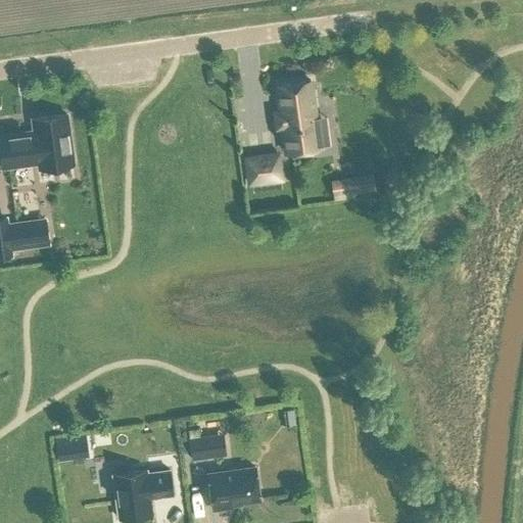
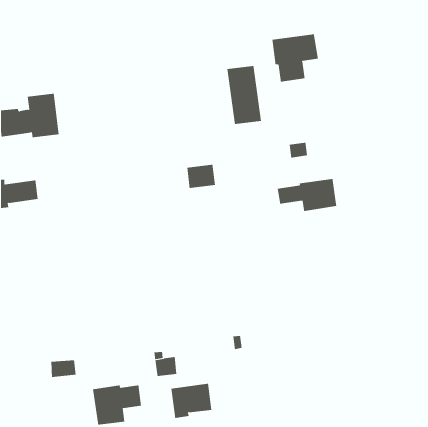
building: none -> [272,33,318,83]
building: [246,156,282,186] -> [186,164,216,189]
building: none -> [277,178,337,212]

